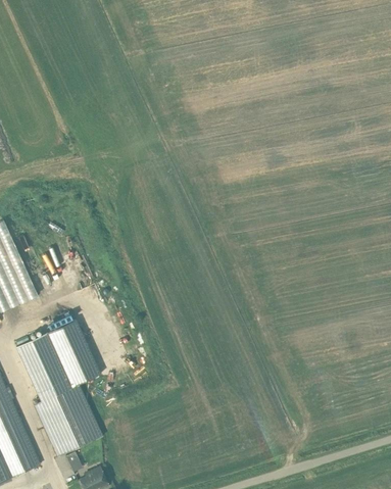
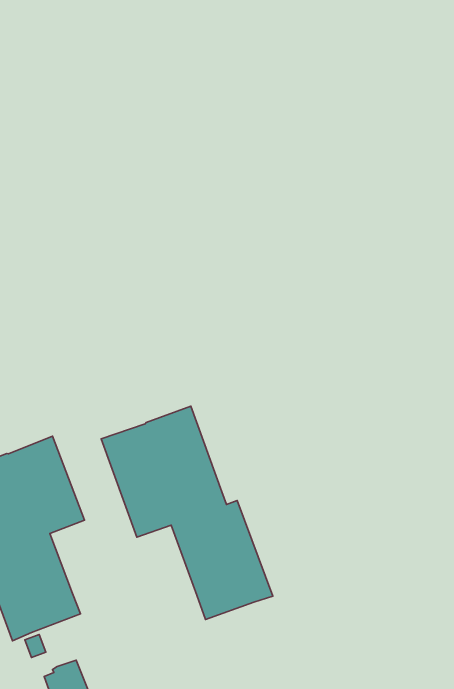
building: none -> [101,406,273,620]

